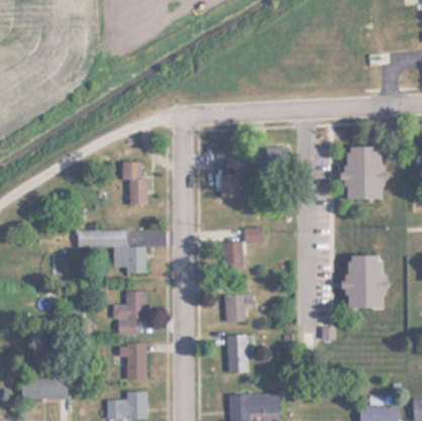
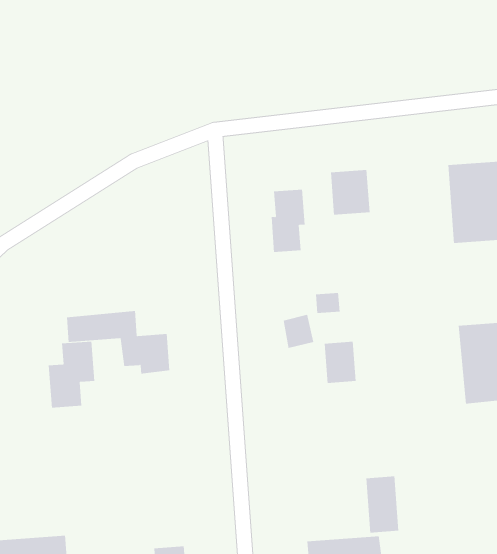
building: [122,163,148,200] -> none
building: [116,292,147,335] -> [48,341,95,408]
building: [225,295,245,322] -> [324,341,357,383]
building: [228,335,248,373] -> [365,476,399,533]
building: [120,343,146,382] -> none

